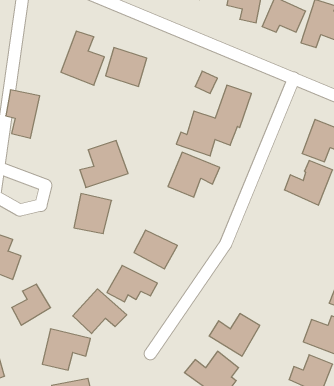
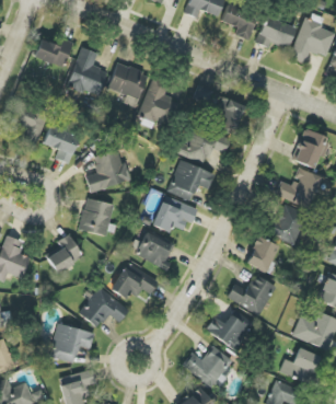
building: none -> [33,38,71,67]
building: none -> [139,79,174,124]
building: none -> [42,125,78,163]
building: none -> [153,196,197,231]
building: none -> [271,204,305,243]
building: none -> [245,236,278,274]
building: none -> [227,275,276,315]
building: [12,284,51,325] -> [46,234,82,273]

